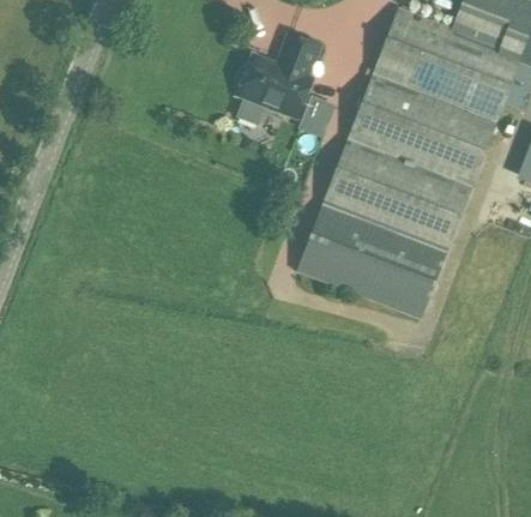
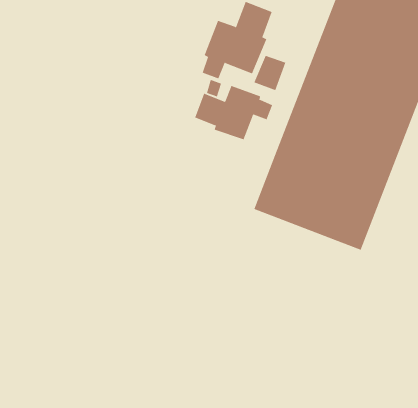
building: none -> [194,85,273,140]

